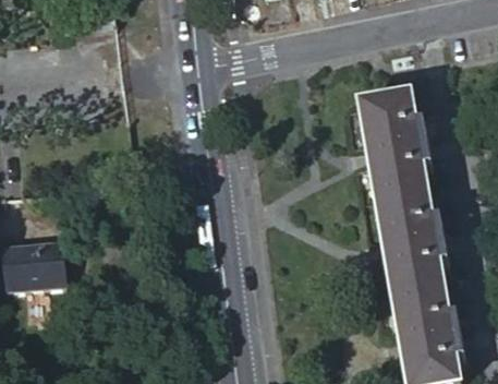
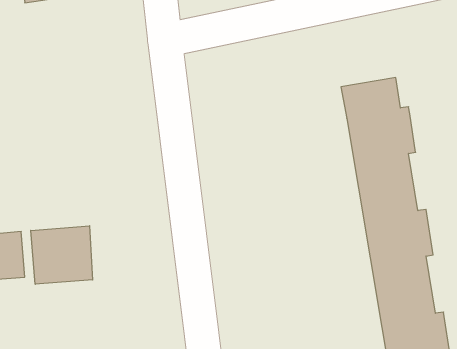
building: none -> [31,226,93,284]

